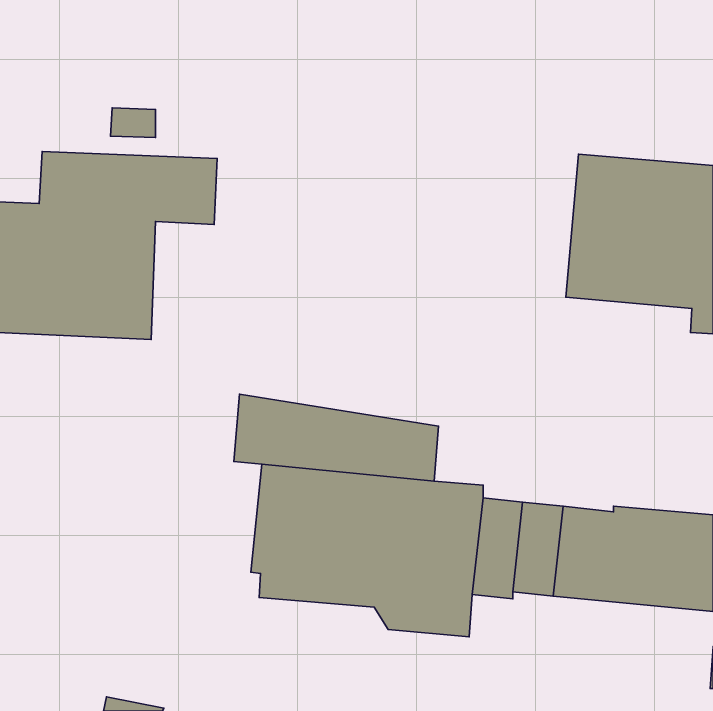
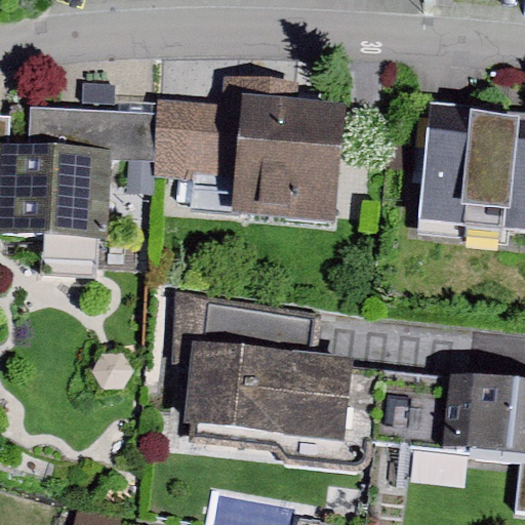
building: none -> [156,78,348,232]

